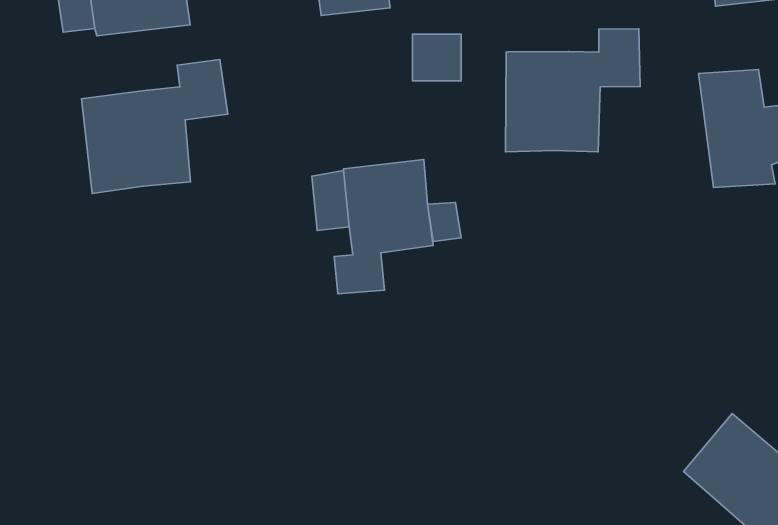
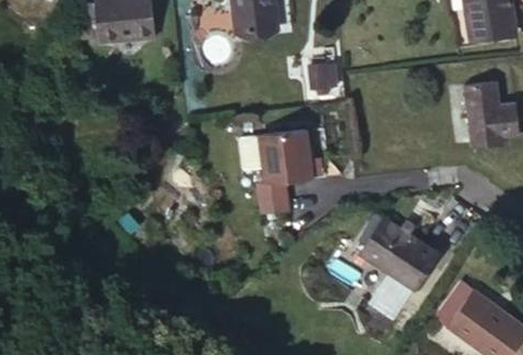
building: [506,29,640,152] -> none
building: [81,60,228,194] -> none
building: none -> [361,218,434,284]

